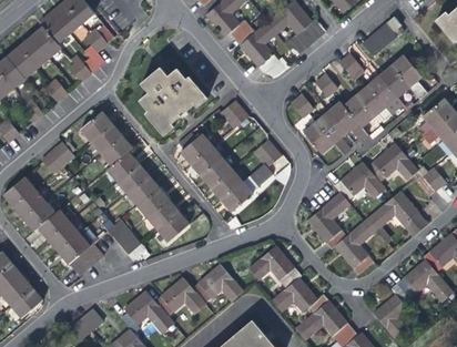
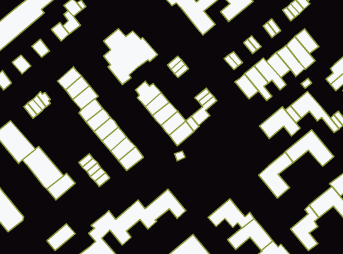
building: [390,54,426,99] -> none
building: [306,193,349,248] -> none
building: [248,248,299,288] -> none

